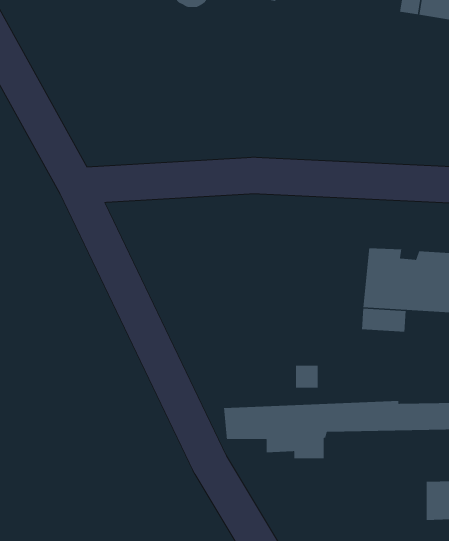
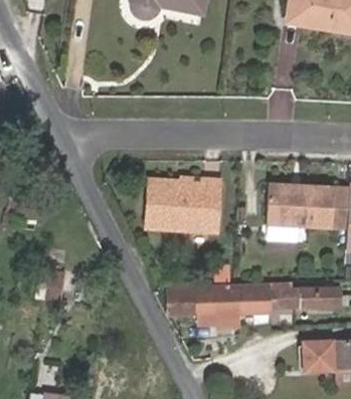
building: none -> [143,185,214,232]

